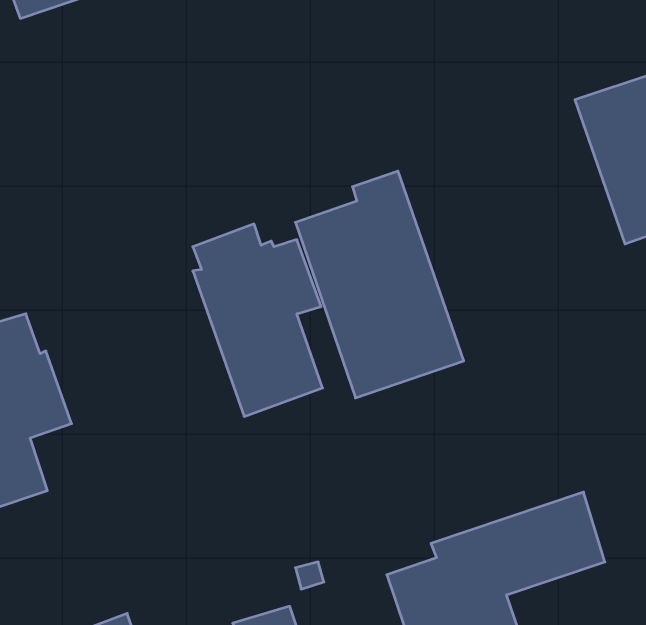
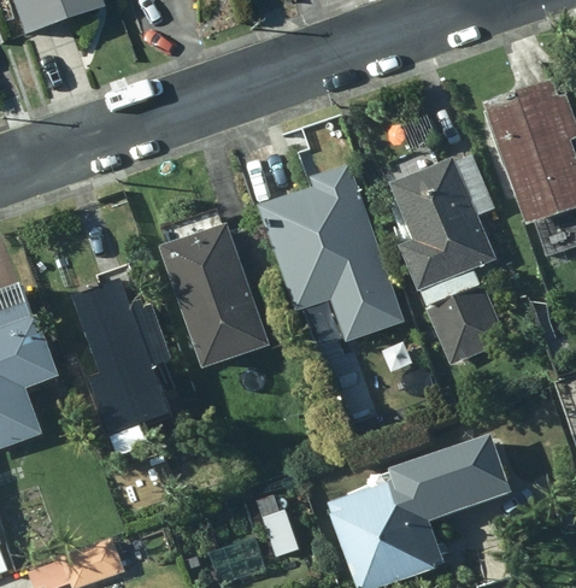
building: none -> [382,153,502,364]
building: none -> [78,278,174,457]

